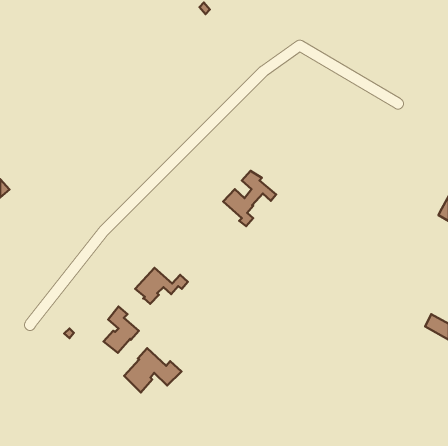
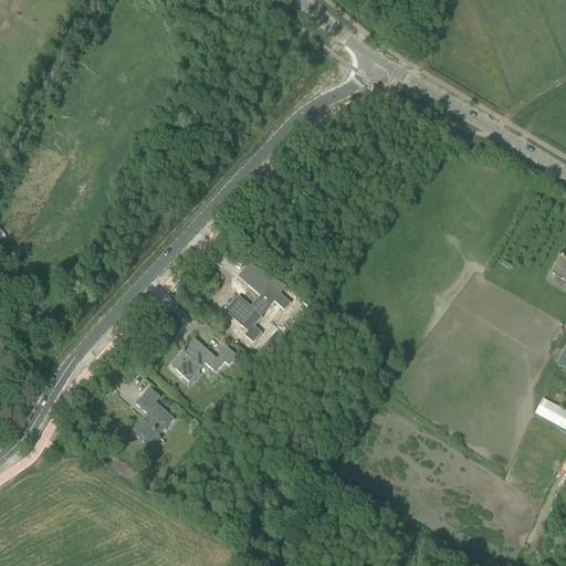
building: [223,171,276,226] -> [226,271,292,340]
building: [124,348,181,392] -> none

